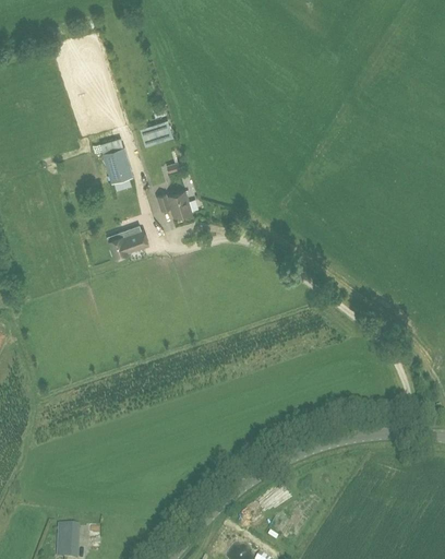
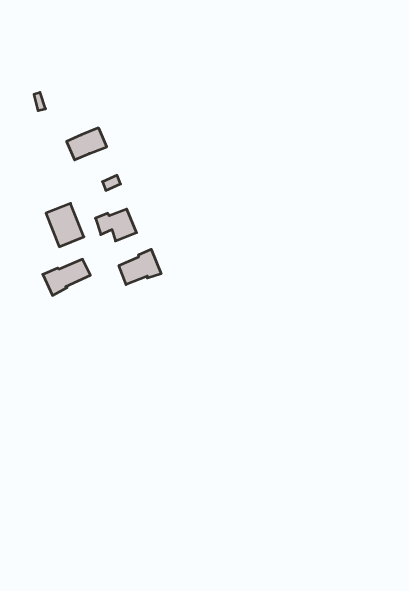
building: [101,147,132,183] -> [46,203,84,247]
building: none -> [119,249,161,285]

